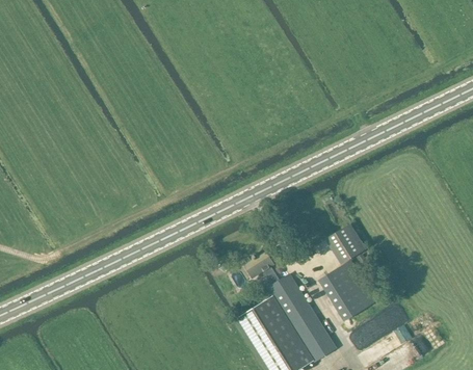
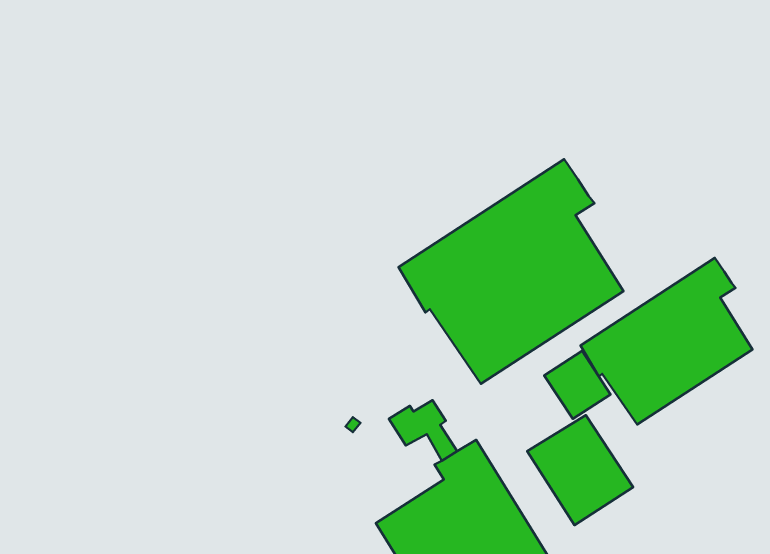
building: none -> [398,159,623,384]
building: none -> [581,258,753,424]

